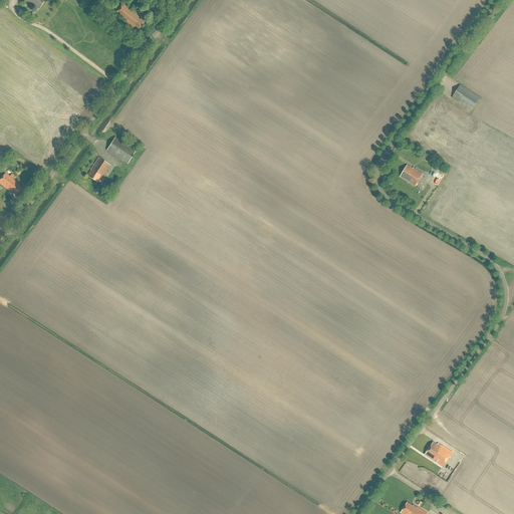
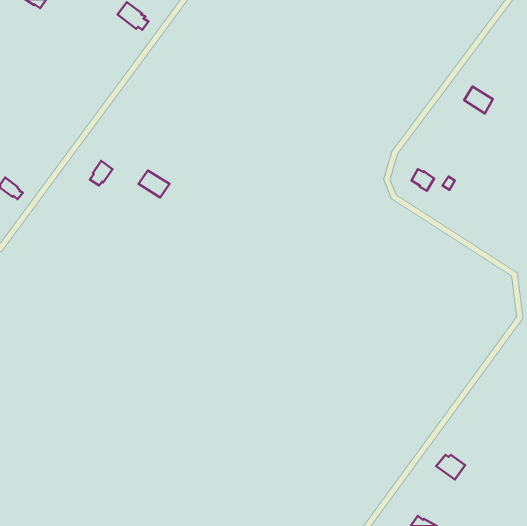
building: [106,137,137,163] -> [138,171,169,197]

